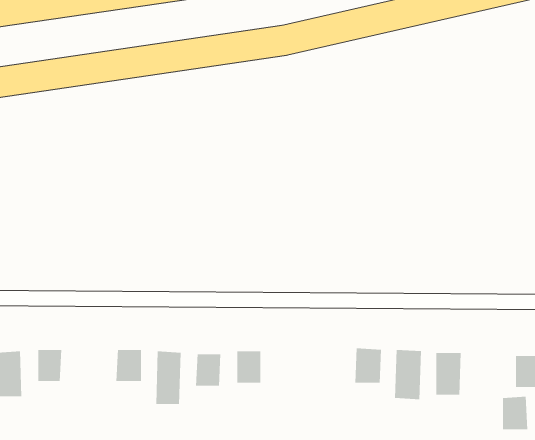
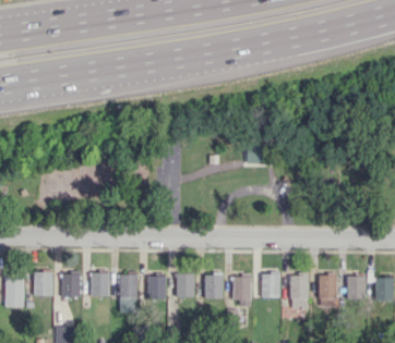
building: none -> [62,271,81,296]
building: none -> [204,272,223,298]
building: none -> [234,274,251,298]
building: [502,396,528,430] -> [347,274,366,298]

